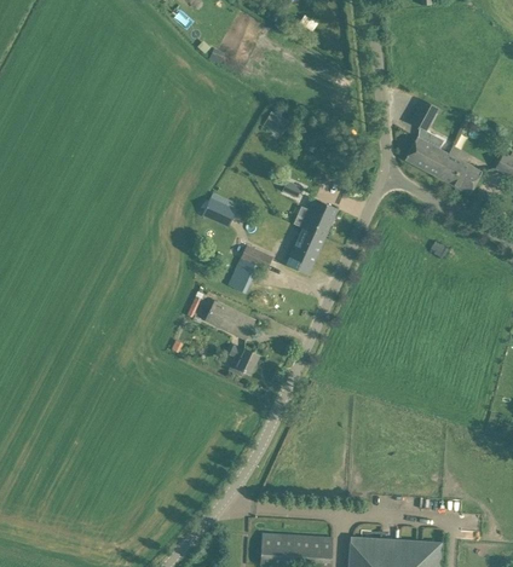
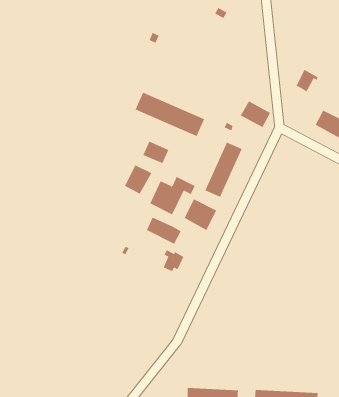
building: none -> [135,92,205,137]
building: [405,137,448,174] -> [240,100,271,128]
building: none -> [124,164,152,194]
building: none -> [184,199,217,231]

